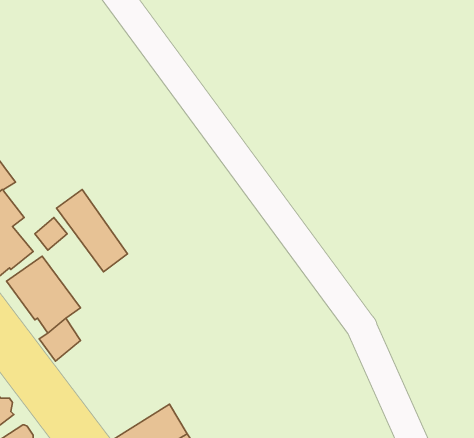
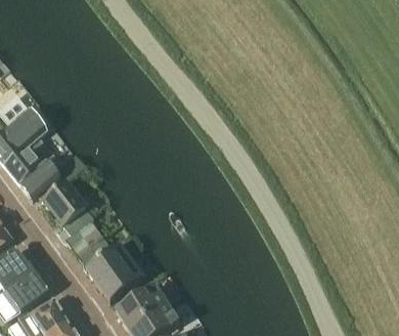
building: [56,190,127,272] -> none
building: none -> [86,243,143,299]

